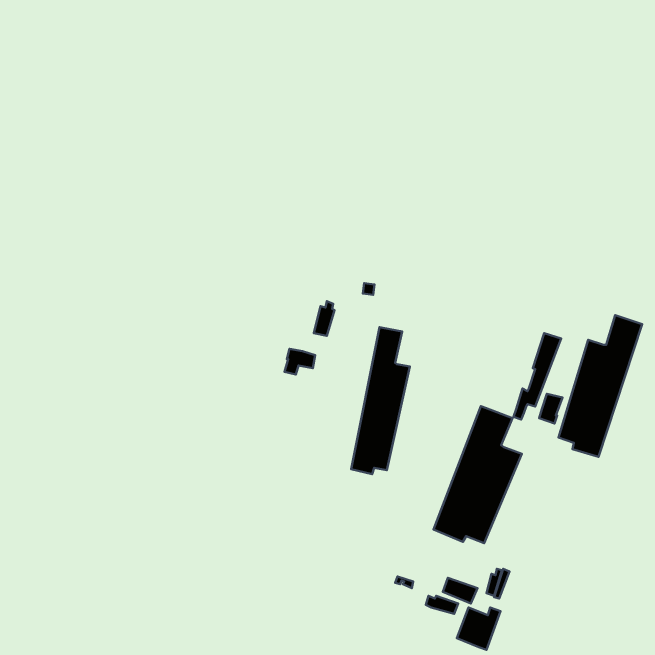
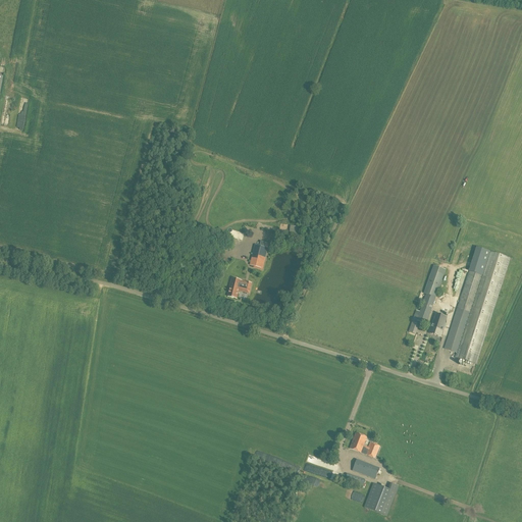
building: [351,327,410,474] -> none
building: [433,406,522,543] -> none
building: none -> [348,431,379,457]

